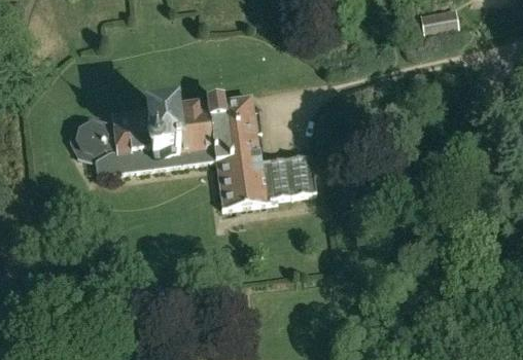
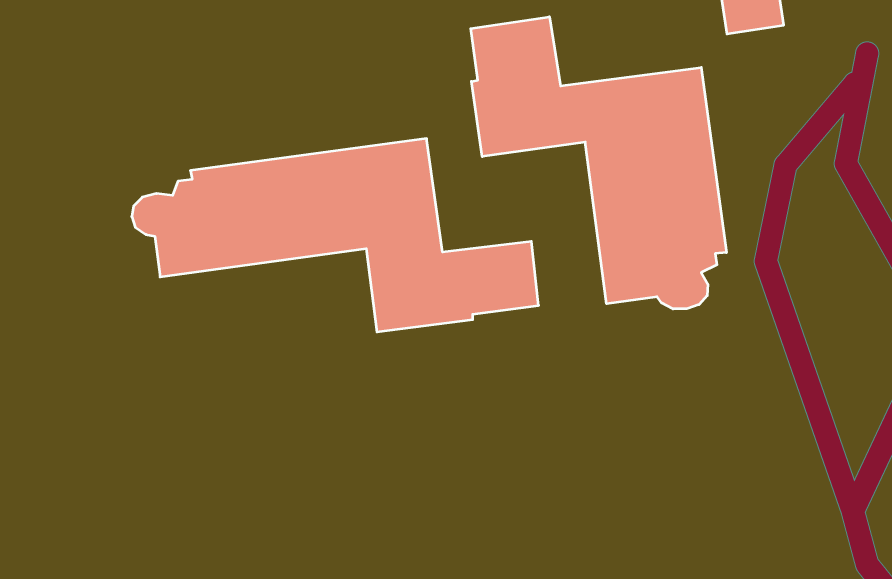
building: none -> [471,17,726,309]

